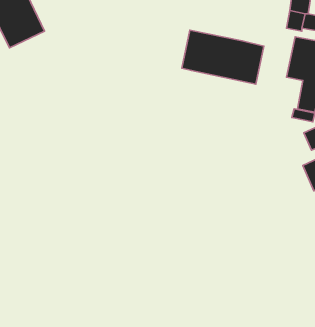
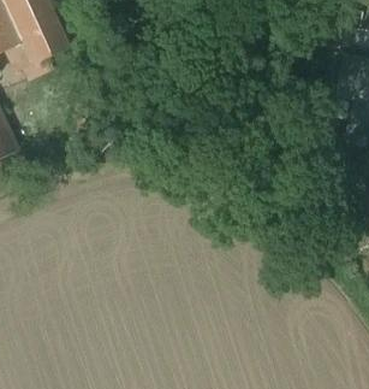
building: [182,30,264,84] -> none

